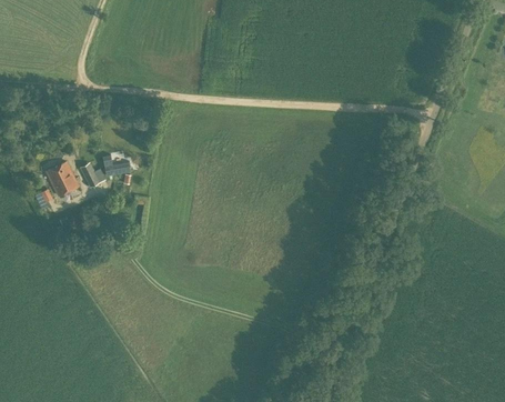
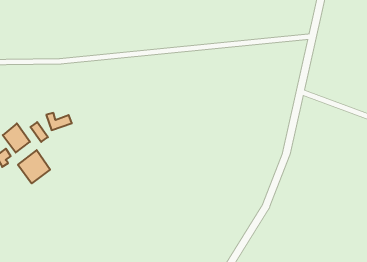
building: none -> [18,150,50,183]

